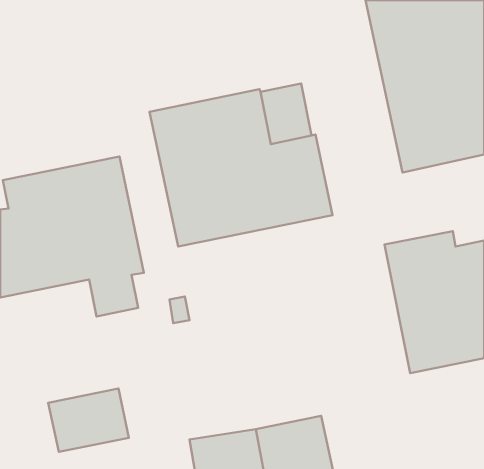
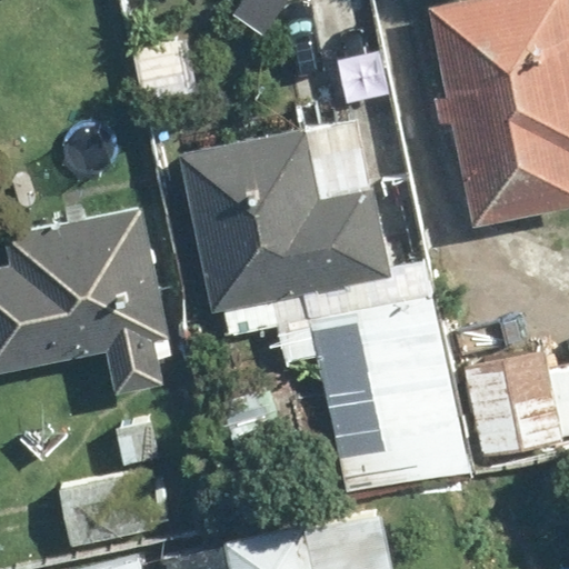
building: none -> [282,280,468,496]

